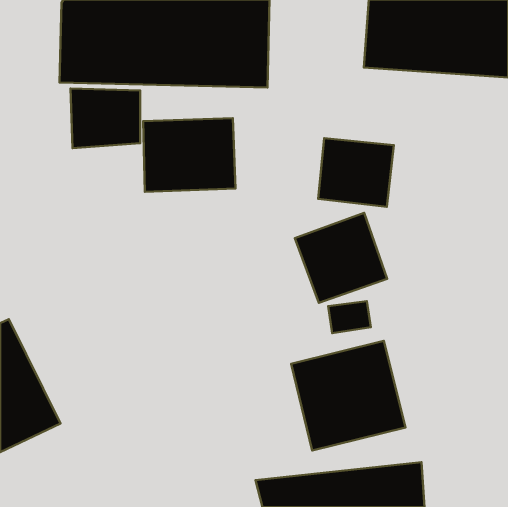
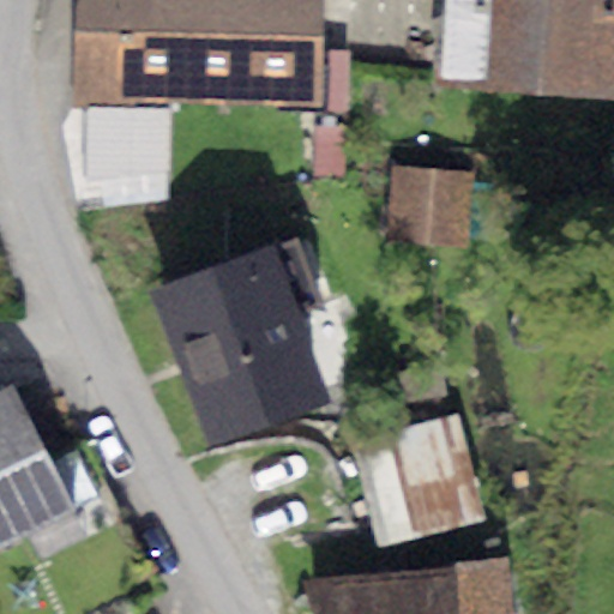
building: [143,118,236,192] -> none
building: none -> [156,237,332,443]
building: [295,213,387,303] -> none

